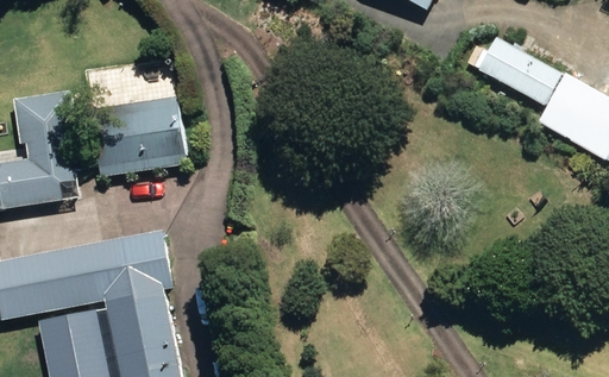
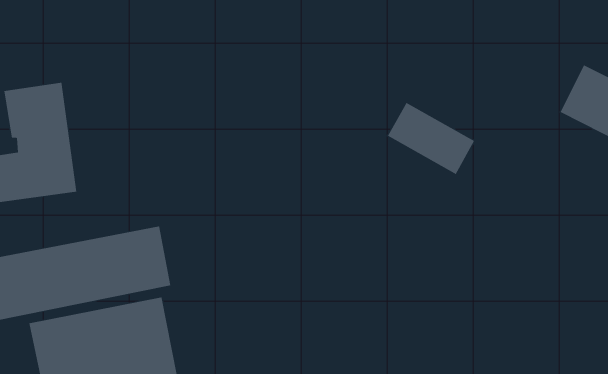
building: [477,37,560,106] -> [387,102,475,175]
building: [87,98,187,177] -> none

